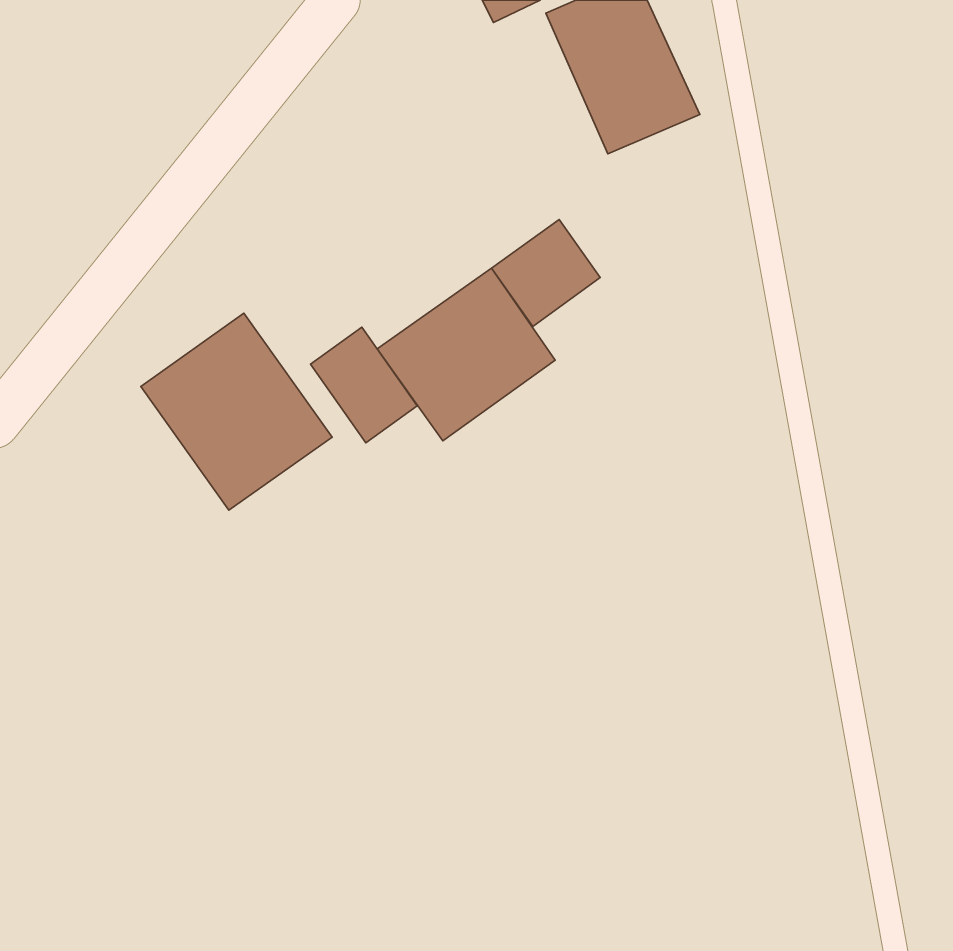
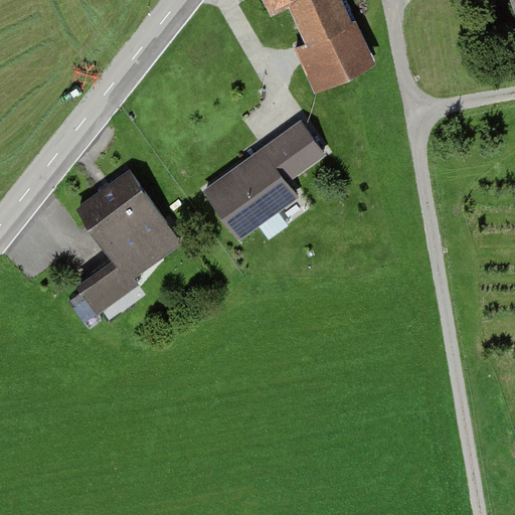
building: [311,327,417,443] -> none
building: none -> [75,262,131,315]

